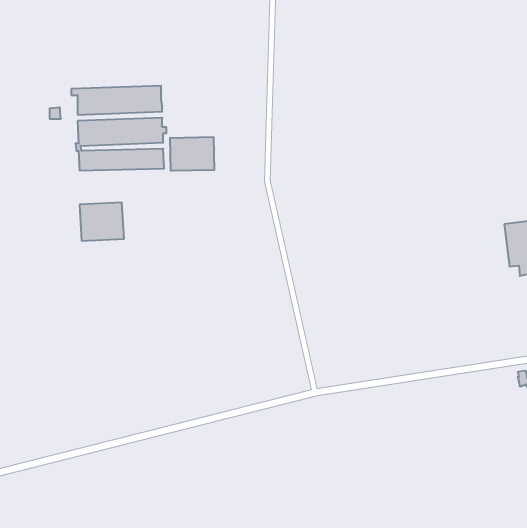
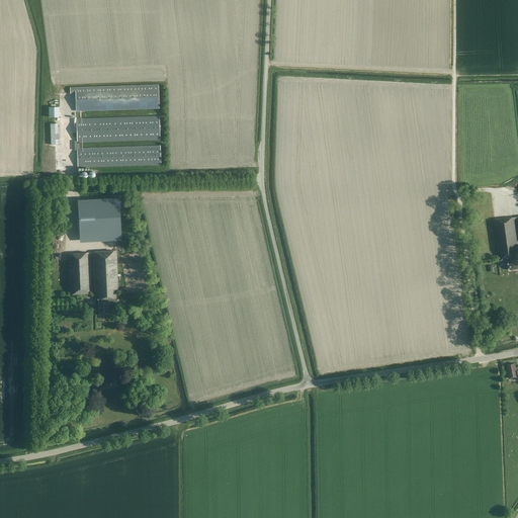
building: [170,137,214,171] -> none
building: none -> [69,250,120,314]

